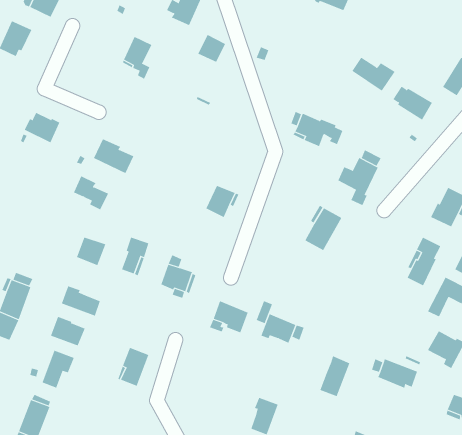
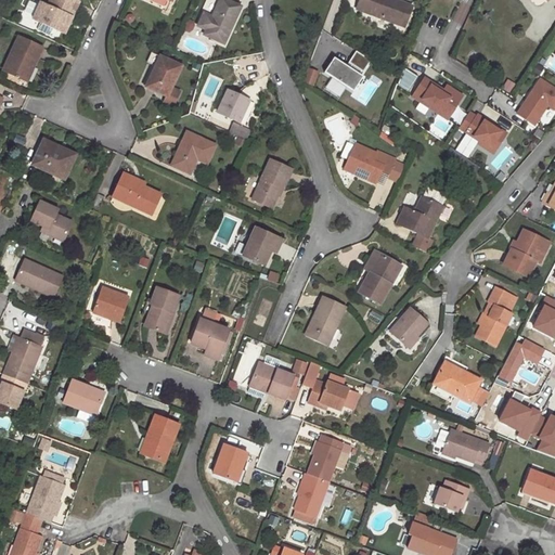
building: none -> [323,50,367,90]
building: [198,34,226,62] -> [217,90,249,122]
building: none -> [171,131,215,173]
building: none -> [251,159,292,208]
building: [73,176,109,210] -> [31,199,73,240]
building: none -> [12,257,60,296]
building: none -> [305,296,345,345]
building: none -> [390,308,427,346]
building: [61,286,100,317] -> none
building: none -> [434,364,481,402]
building: [42,350,75,388] -> none
building: [319,356,350,397] -> [307,434,343,481]
building: none -> [212,443,247,481]
building: none -> [435,479,468,512]

